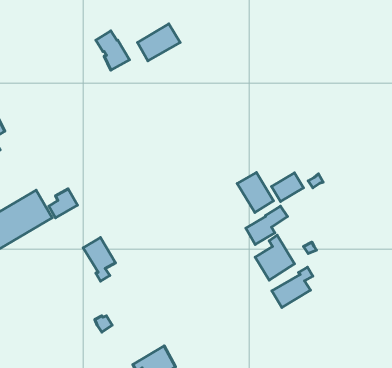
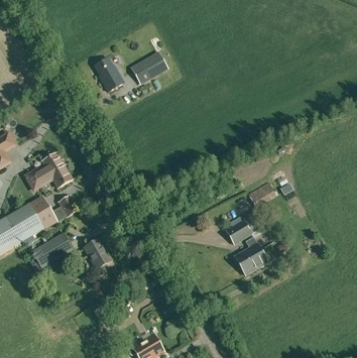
building: none -> [28,151,72,189]
building: [237,172,273,212] -> none
building: none -> [31,233,73,267]
building: [272,267,313,308] -> none

